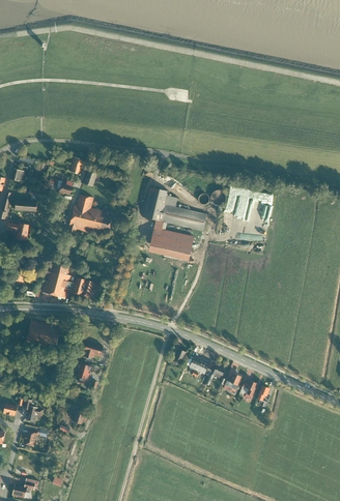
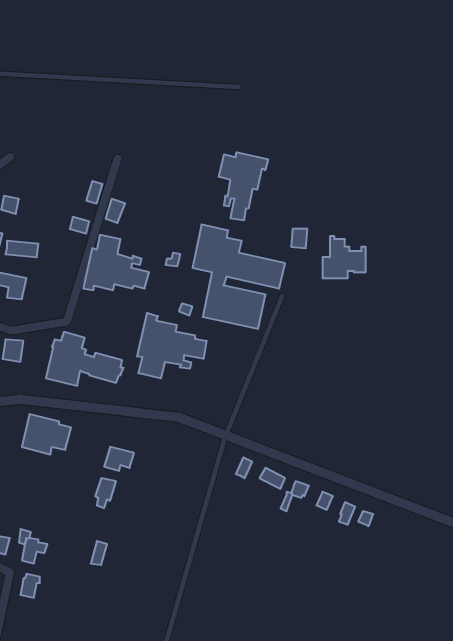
building: none -> [219,152,268,220]
building: none -> [137,313,207,378]

